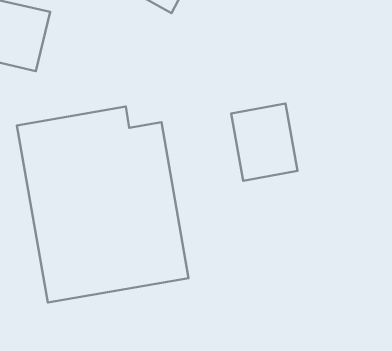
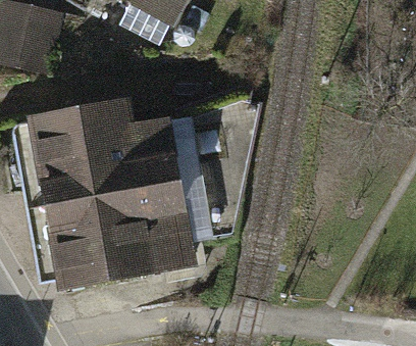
building: [231,103,297,181] -> none

